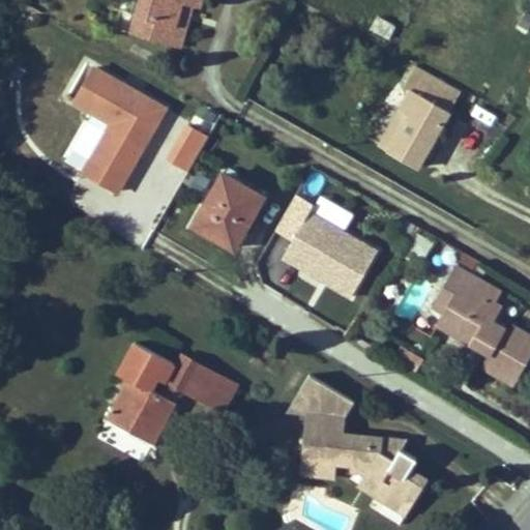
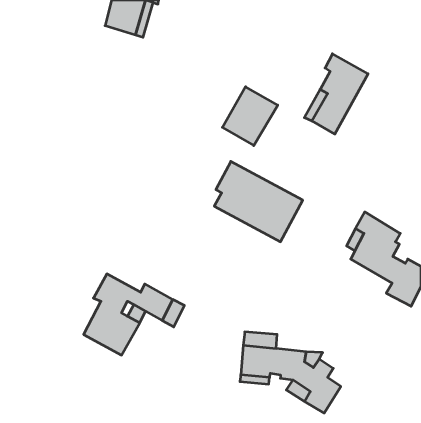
building: [59,69,163,197] -> none
building: [161,125,206,176] -> none
building: [194,172,263,245] -> [222,87,278,146]
building: [289,378,355,418] -> none

